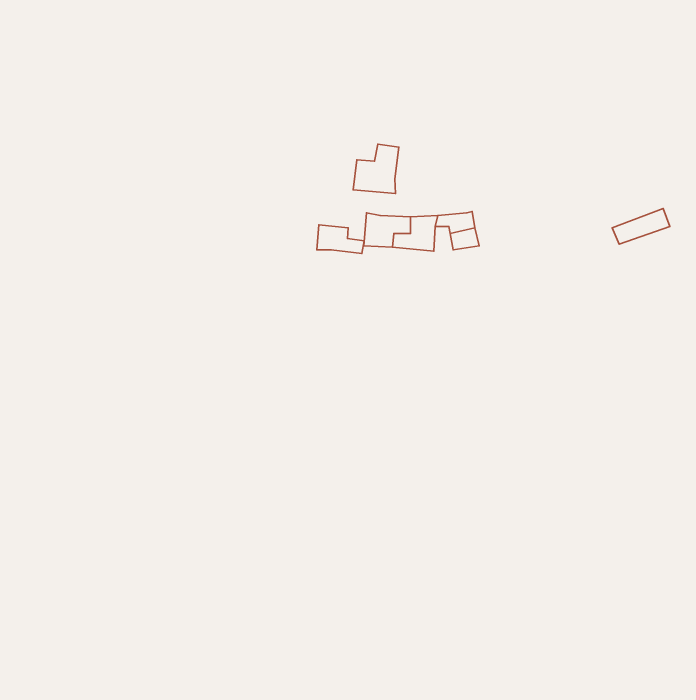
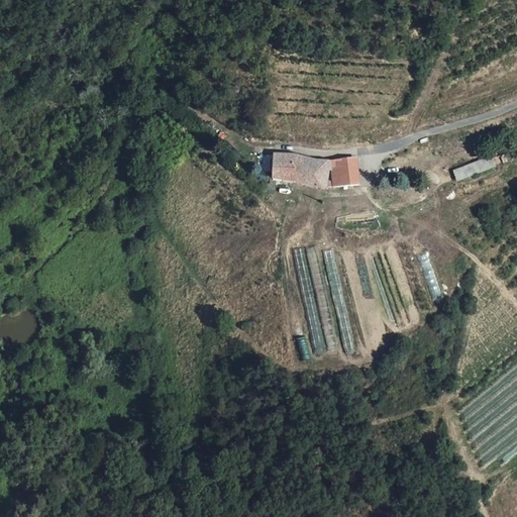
building: [353,144,399,193] -> none
building: [317,225,364,253] -> none

